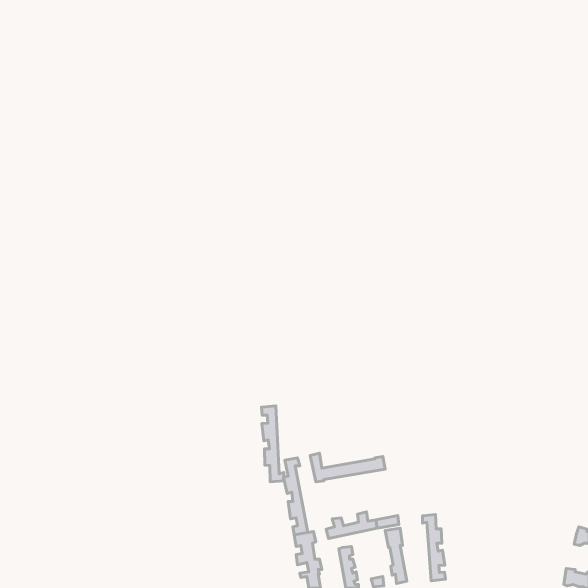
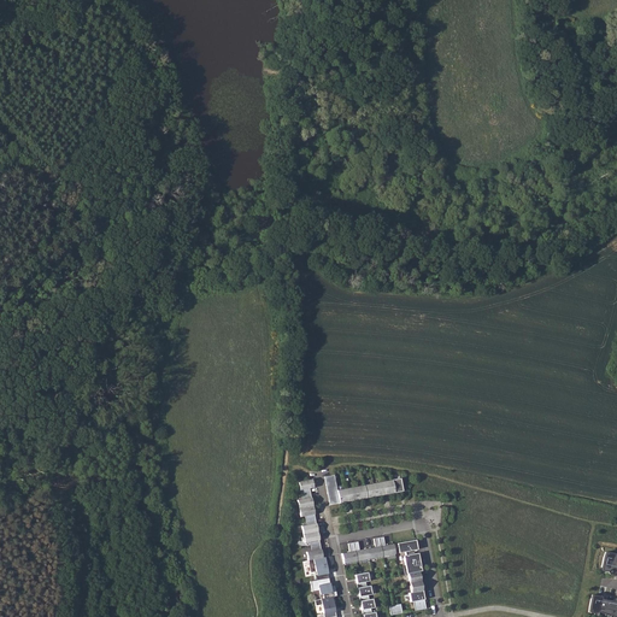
building: [261,406,284,482] -> none
building: [422,515,445,581] -> none

